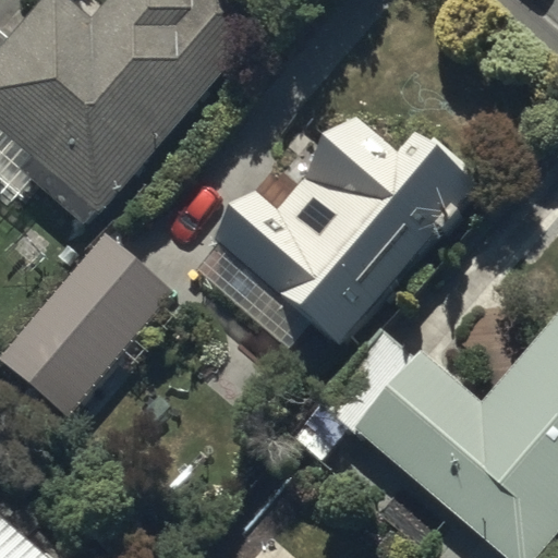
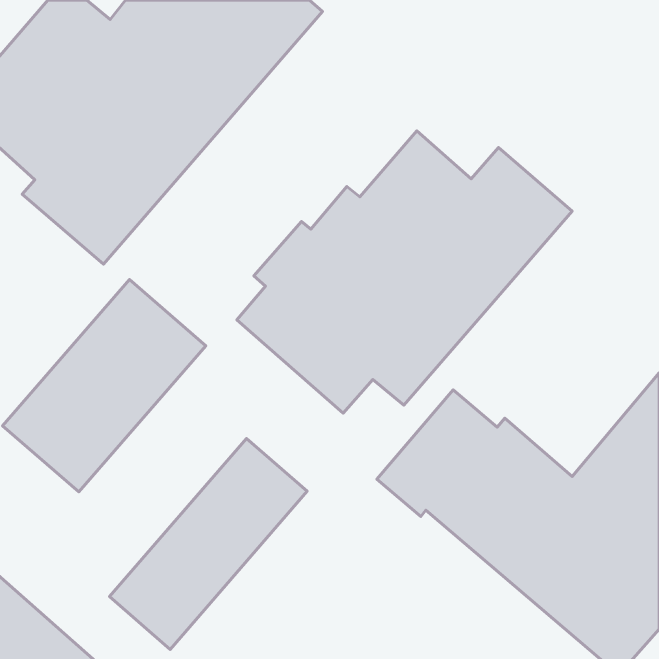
building: none -> [109,438,307,649]

